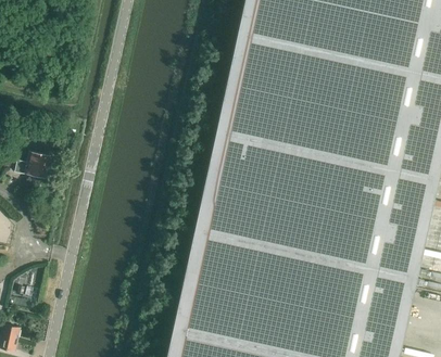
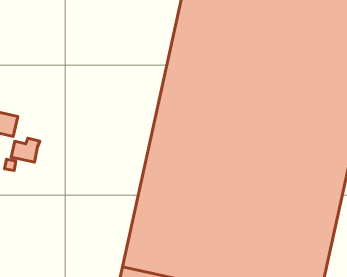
building: none -> [11,138,40,162]

